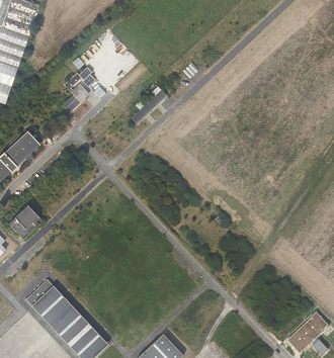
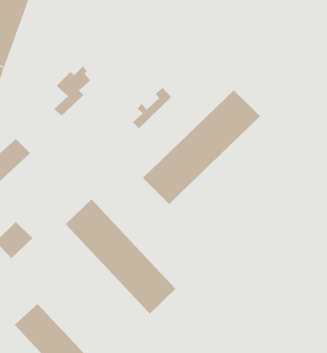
building: none -> [142,89,261,205]
building: none -> [65,198,176,315]

